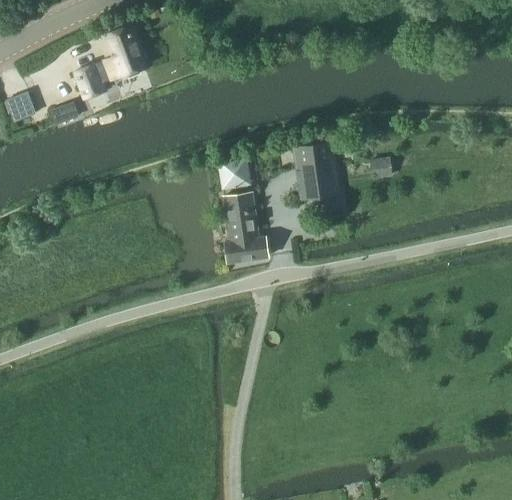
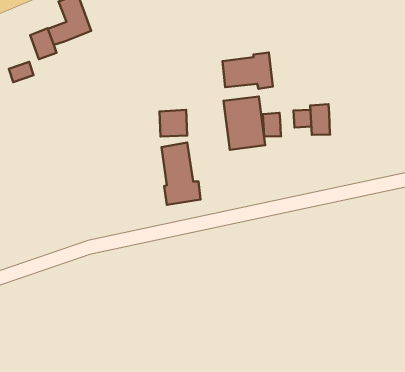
building: none -> [222,52,273,89]
building: none -> [310,104,330,135]
building: none -> [263,113,281,137]

